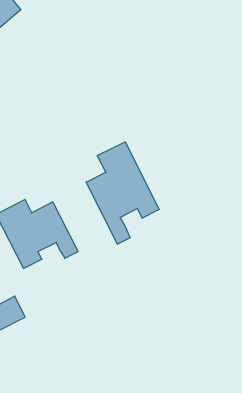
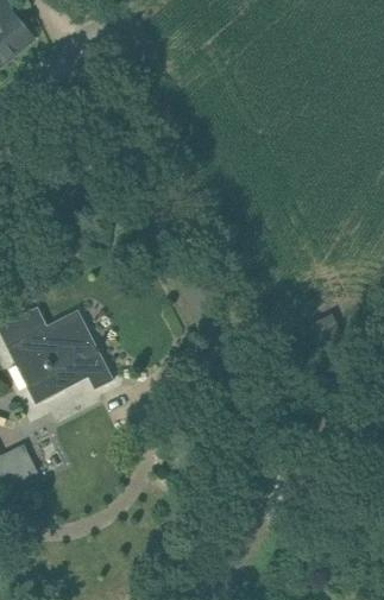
building: [86,142,159,244] -> none

